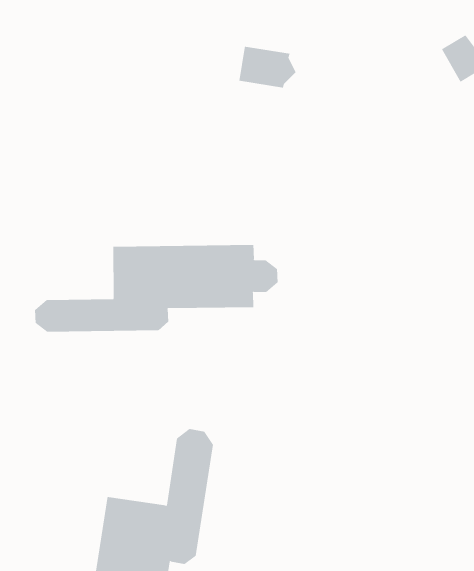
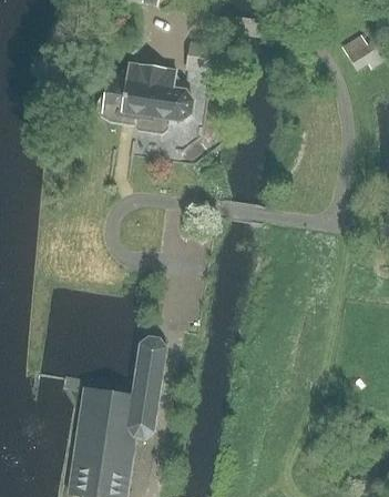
building: none -> [96,63,192,122]
building: [34,244,278,332] -> none

